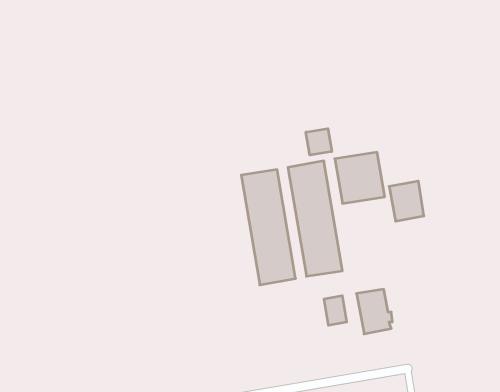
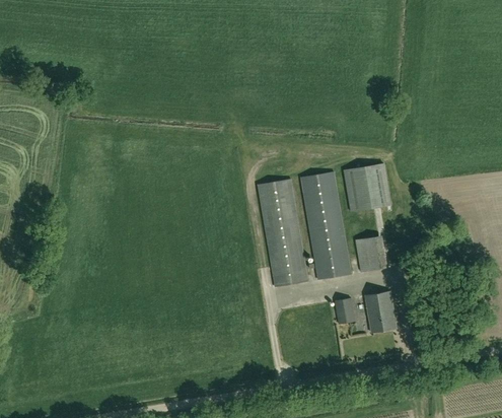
building: [306,129,332,155] -> none
building: [389,181,424,221] -> [354,234,386,272]

